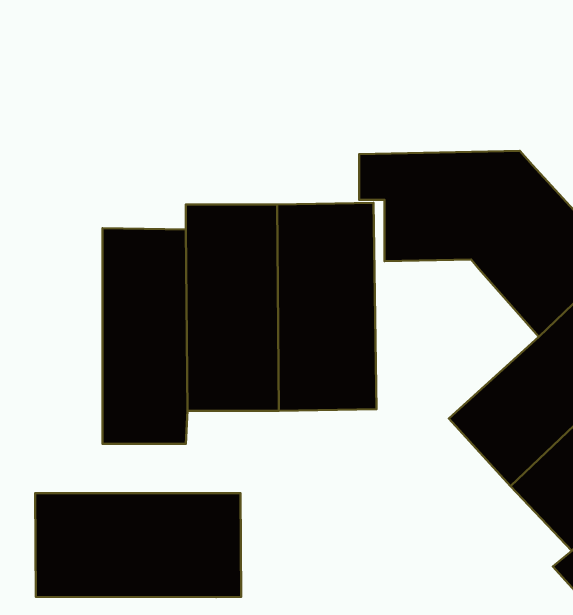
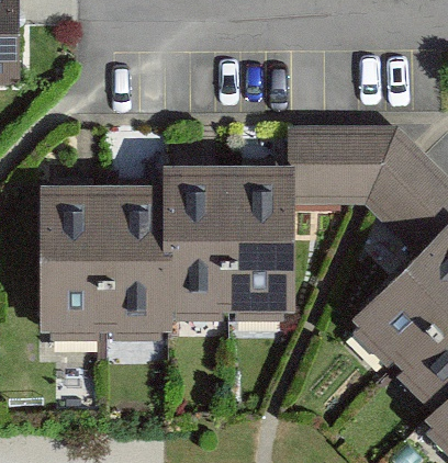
building: none -> [51,185,110,336]
building: [35,493,241,597] -> none

